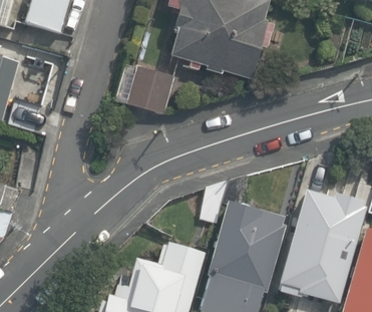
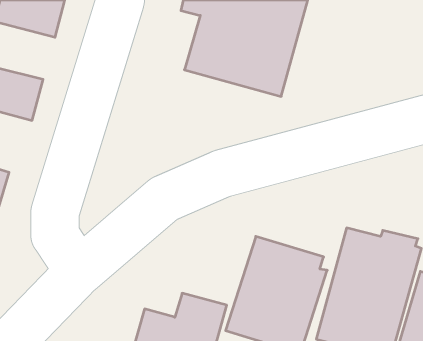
building: [126,65,176,116] -> none

